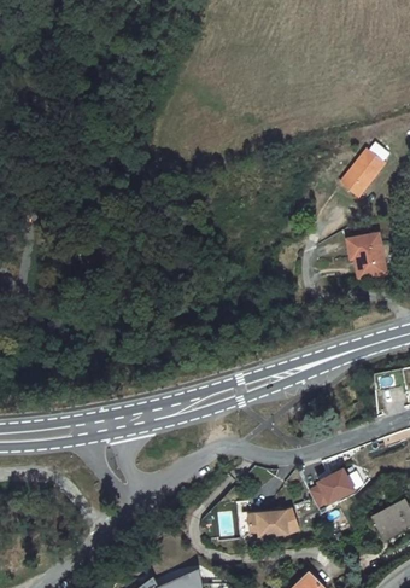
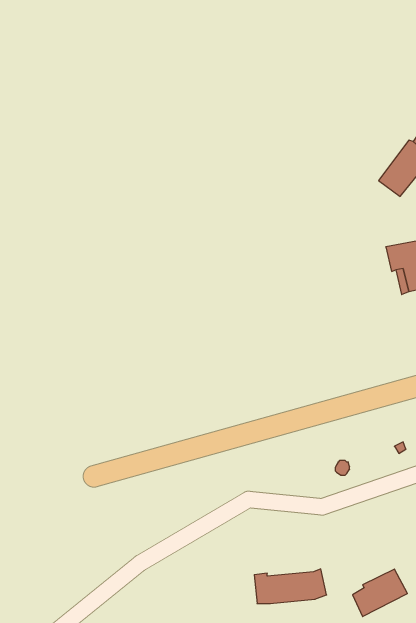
building: [309,467,355,507] -> [353,569,407,617]

